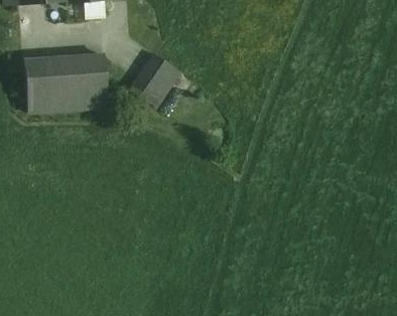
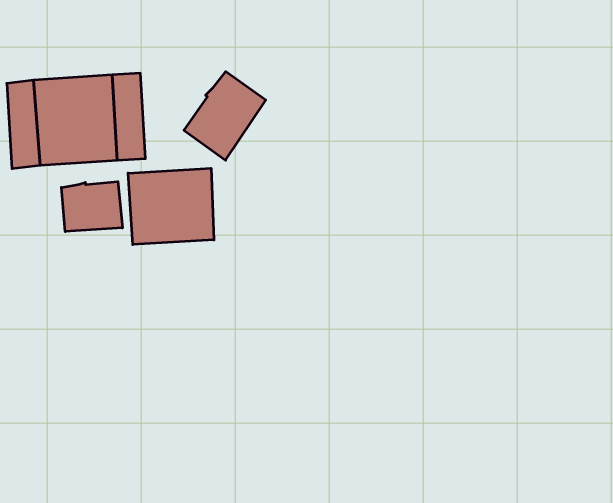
building: none -> [128,168,214,245]
building: none -> [61,182,122,232]

